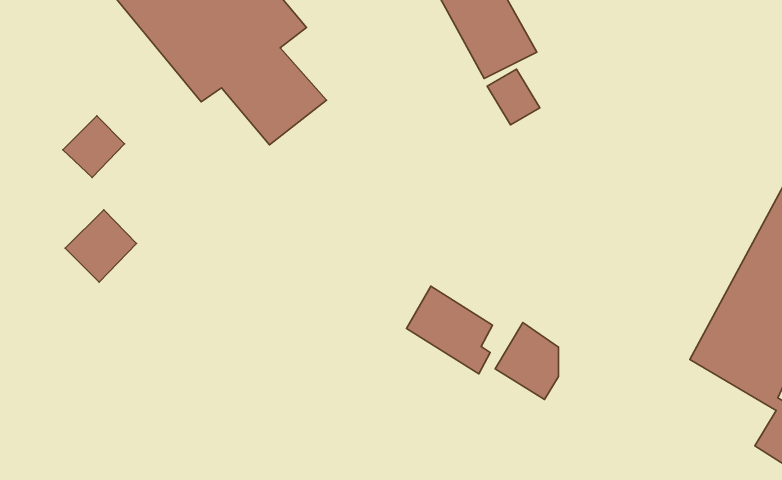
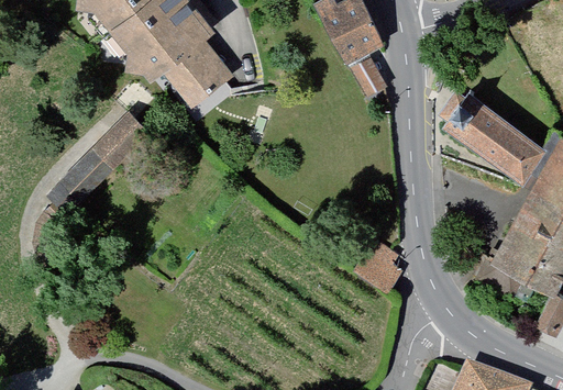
building: none -> [437,89,543,186]
building: [63,116,125,178] -> [98,116,142,160]
building: [406,286,493,374] -> none

